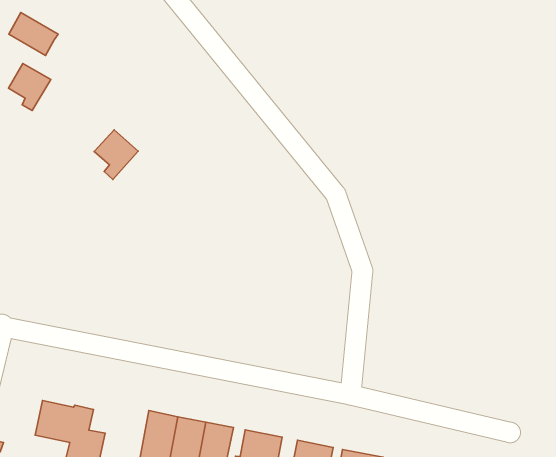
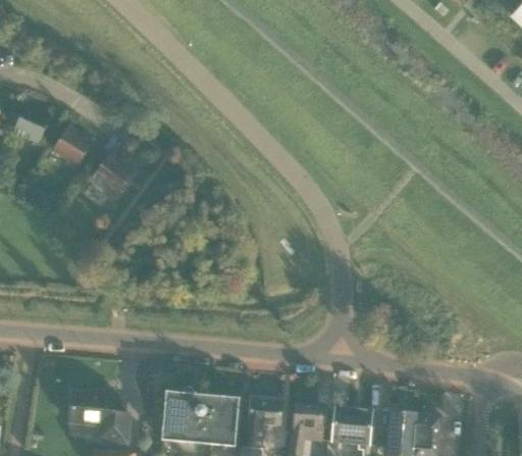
building: [9,12,58,56] -> none
building: none -> [54,126,92,168]

